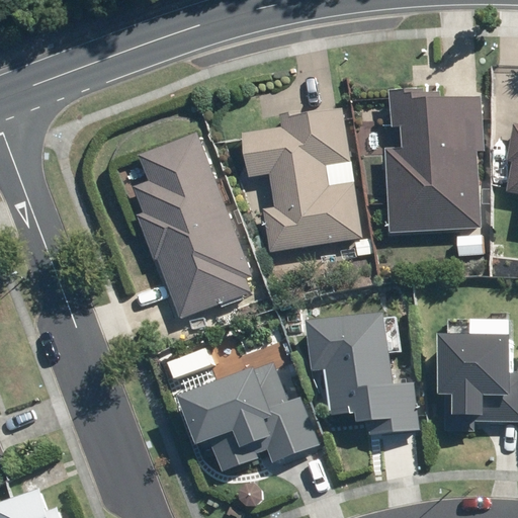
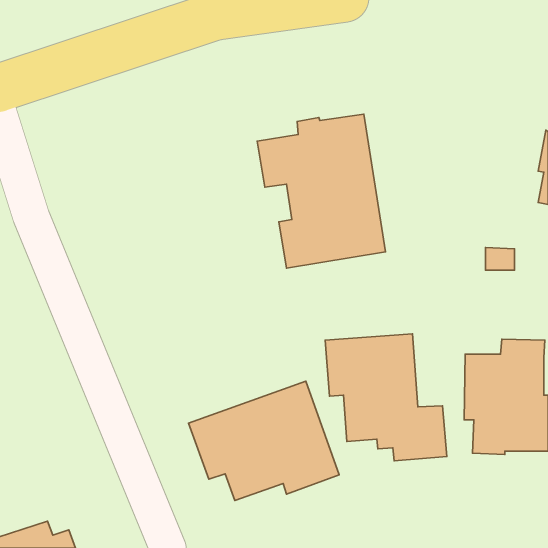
building: [383,88,485,233] -> none
building: [134,131,256,321] -> none

